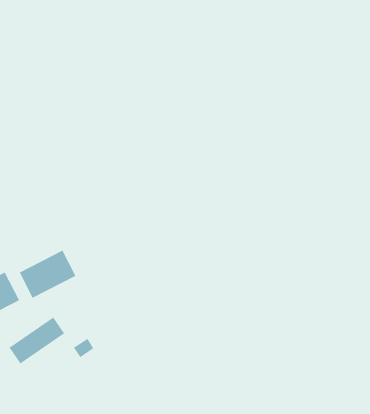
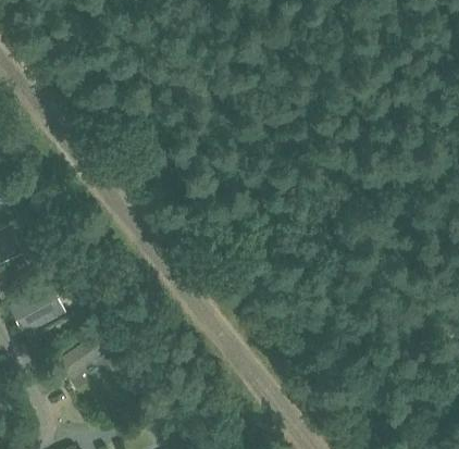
building: [19,249,77,299] -> none

